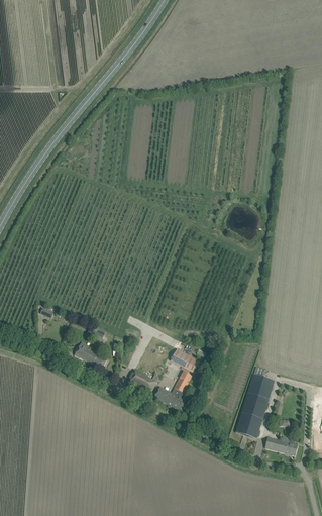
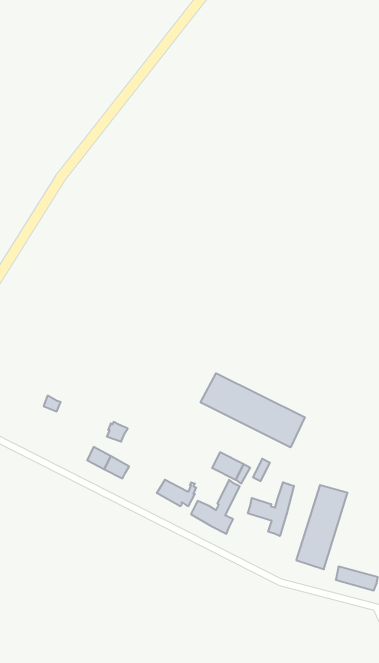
building: none -> [201,373,305,447]
building: none -> [248,482,294,536]

